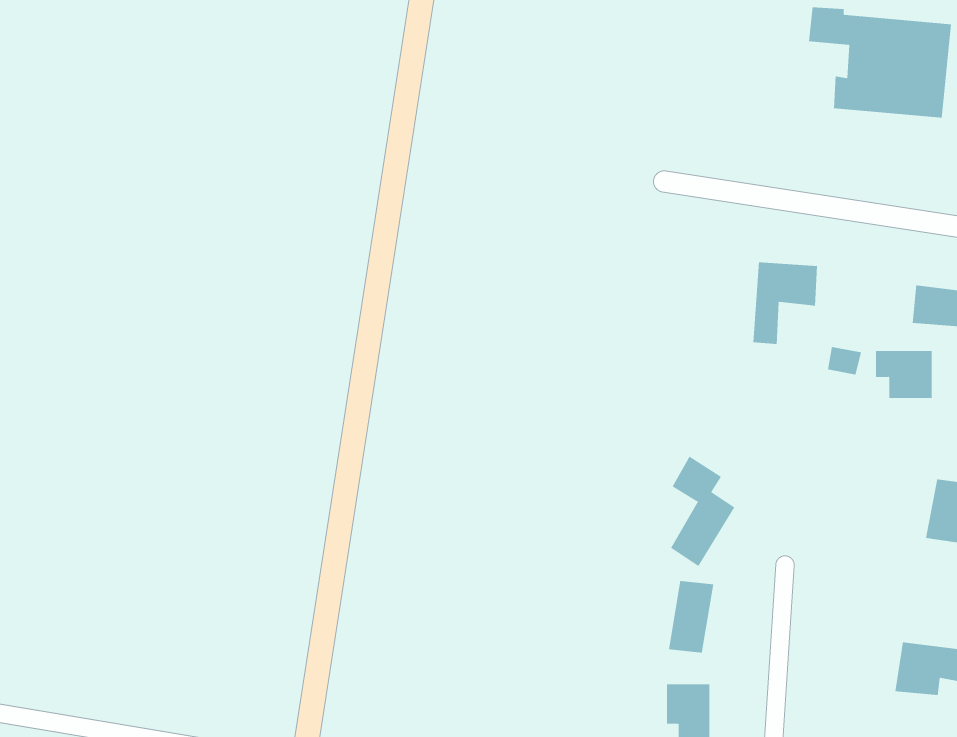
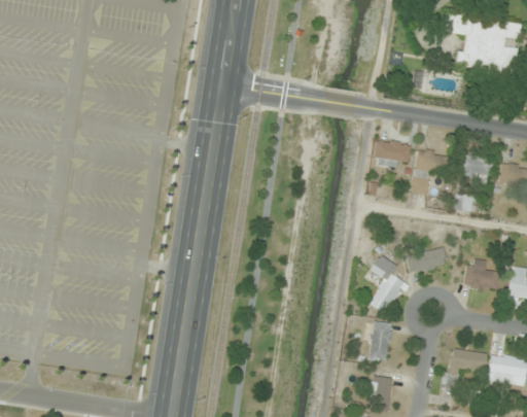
building: none -> [374,139,410,167]
building: [875,351,933,399] -> [461,158,492,183]
building: none -> [407,248,446,271]
building: none -> [466,260,498,288]
building: none -> [444,349,487,392]

